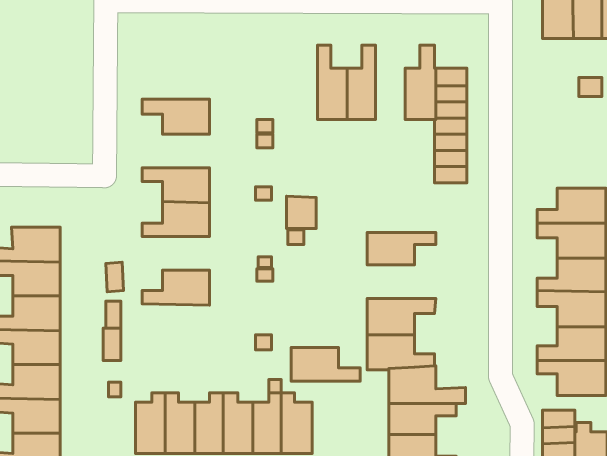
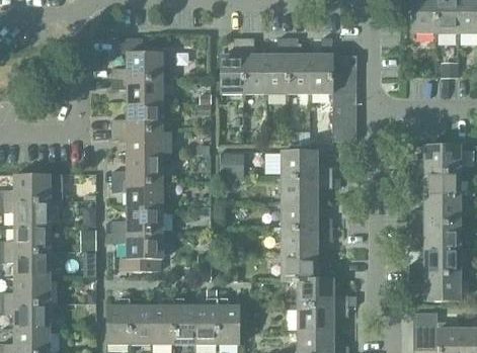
building: none -> [112,38,174,79]
building: none -> [222,38,244,94]
building: none -> [288,38,310,94]
building: none -> [112,105,163,130]
building: none -> [282,152,333,179]
building: none -> [112,182,163,207]
building: none -> [112,233,163,272]
building: [291,348,360,381] -> [282,203,333,229]

